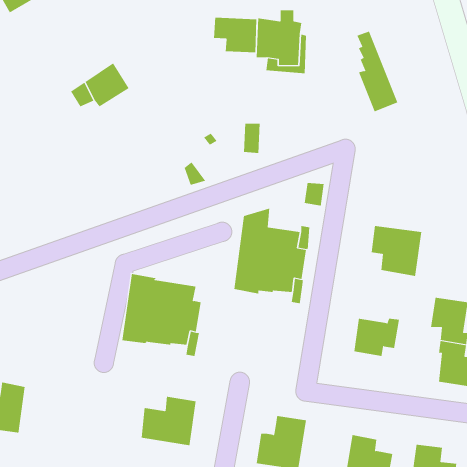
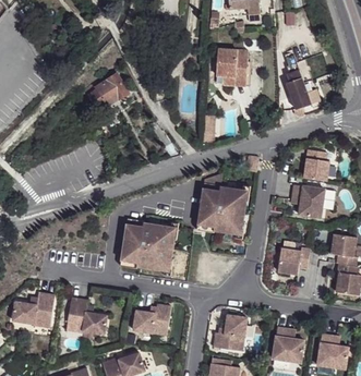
building: [213,17,257,53] -> none
building: none -> [304,150,330,182]
building: none -> [67,298,108,335]

